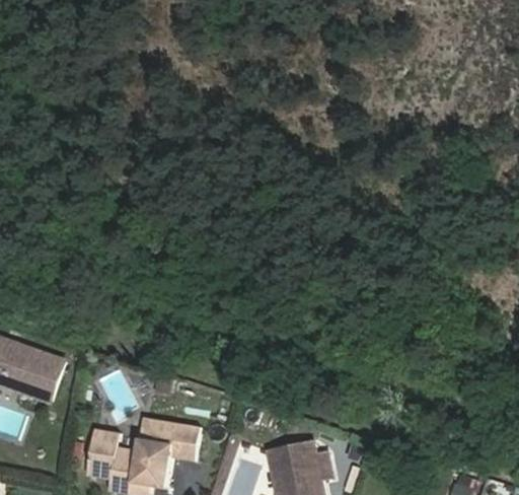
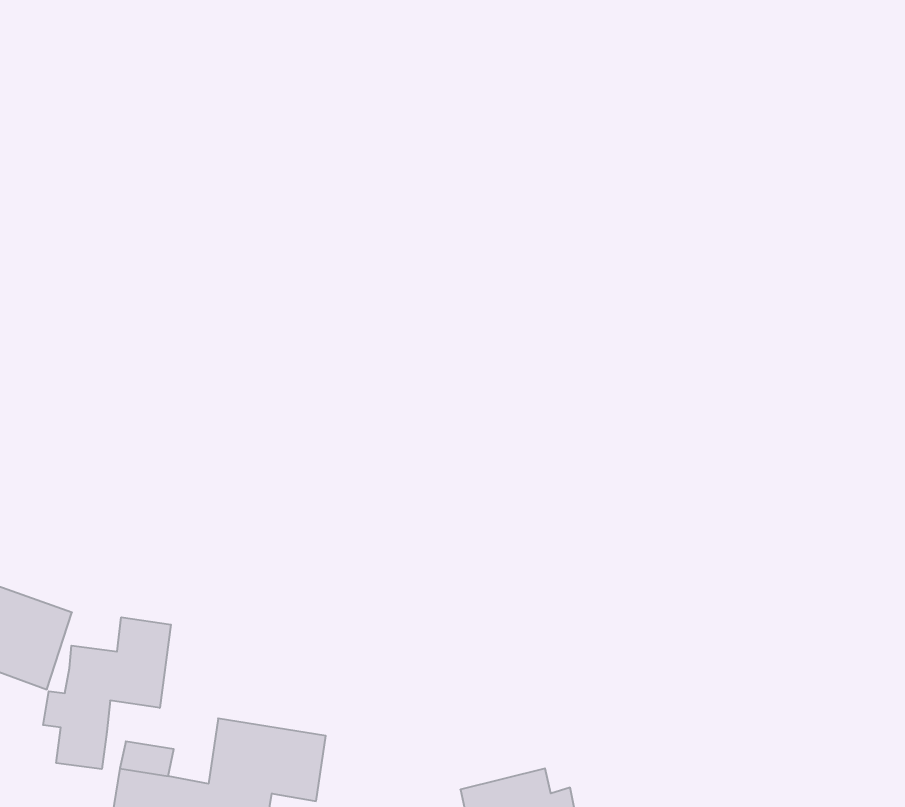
building: none -> [43,617,171,769]

